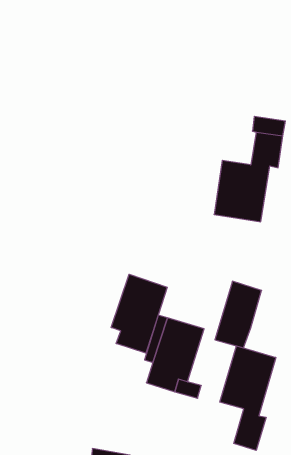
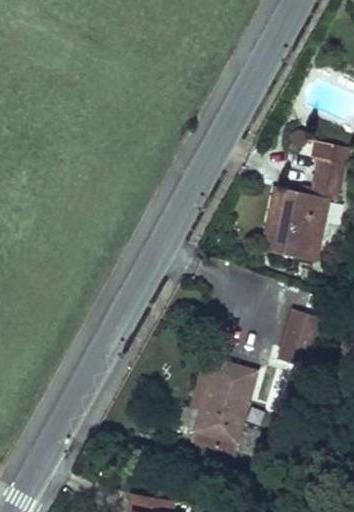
building: [111,274,167,353] -> none
building: [220,346,276,450] -> none

